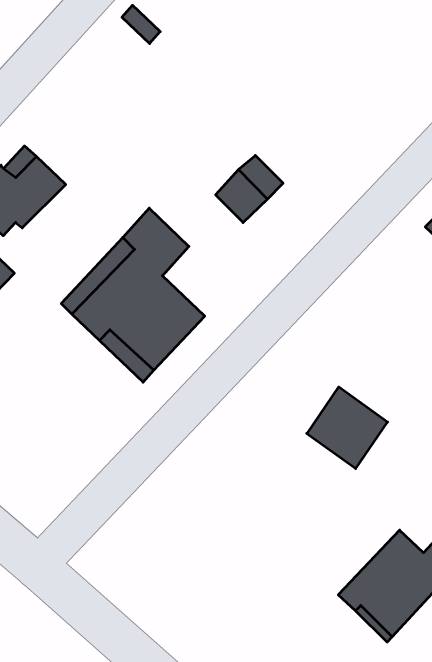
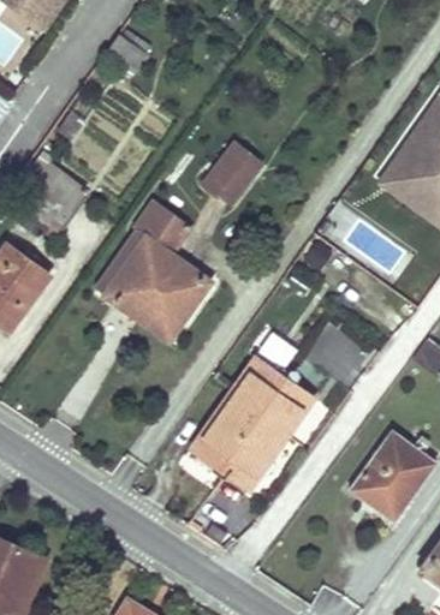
building: none -> [190,358,313,490]

